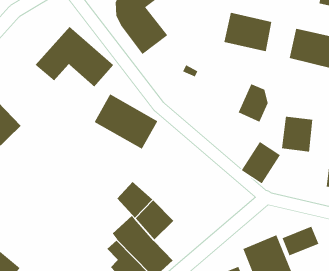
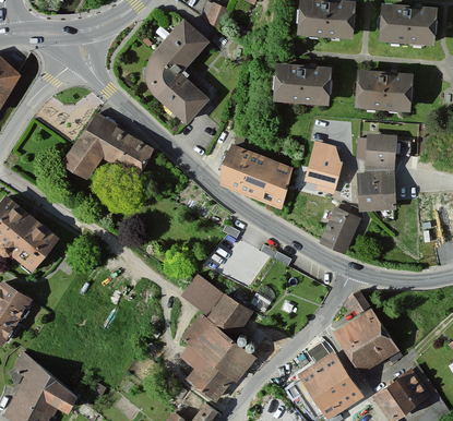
building: none -> [366,134,396,168]
building: [94,93,158,150] -> [218,143,293,202]
building: [282,226,319,256] -> none

